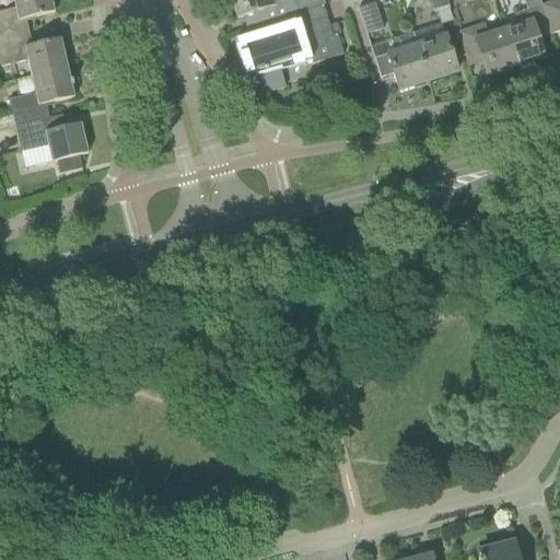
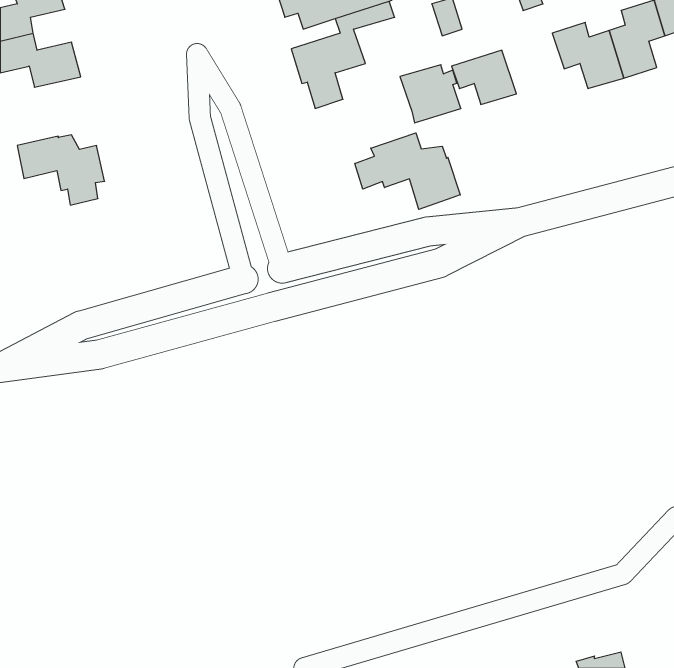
building: [294,14,345,62] -> [400,65,461,123]
building: [417,32,458,78] -> none
building: [10,63,75,120] -> none
building: none -> [355,133,460,209]

